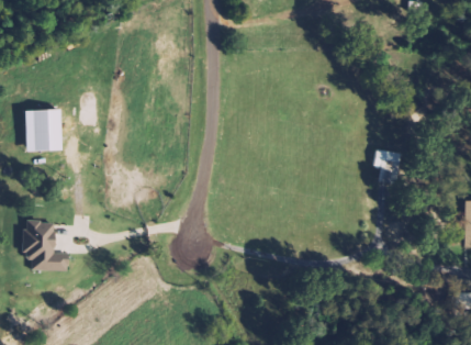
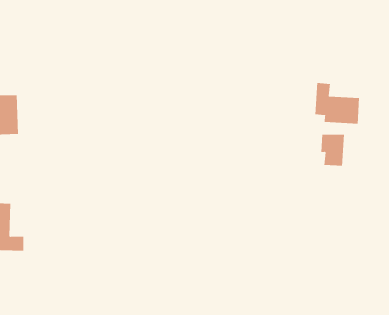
building: none -> [315,82,359,124]

